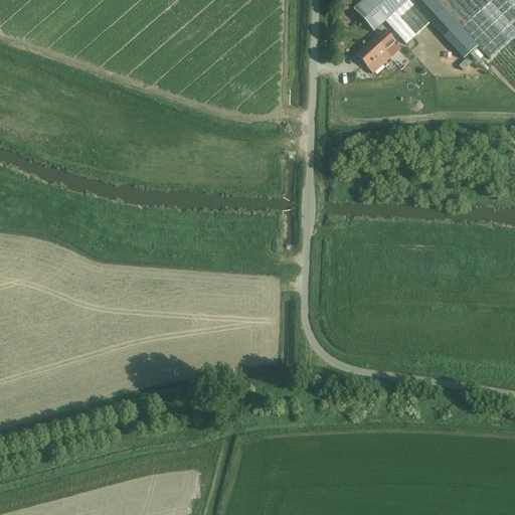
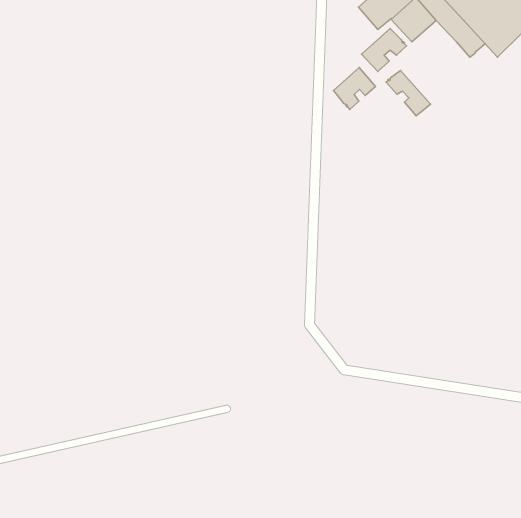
building: none -> [334,68,375,109]
building: none -> [386,70,430,116]

